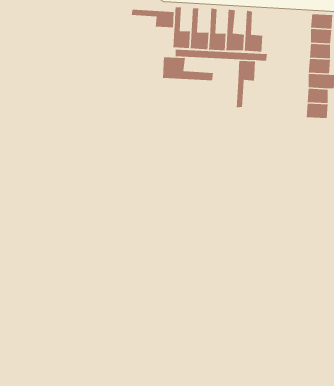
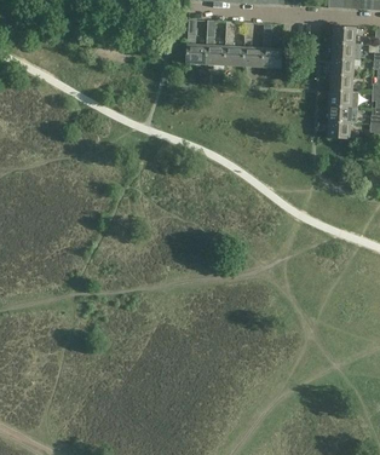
building: [131,9,174,28] -> none
building: [162,56,214,81] -> none
building: [236,60,256,108] -> none

